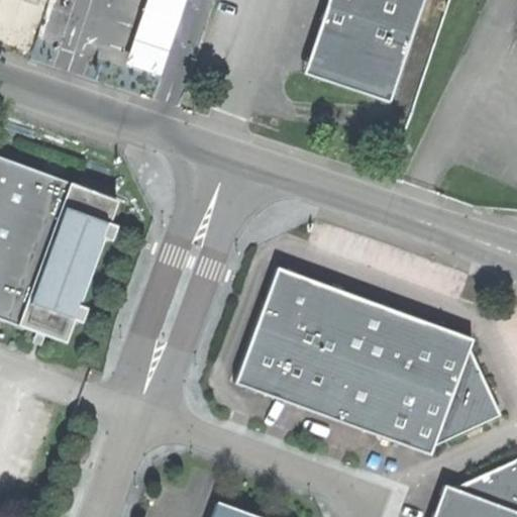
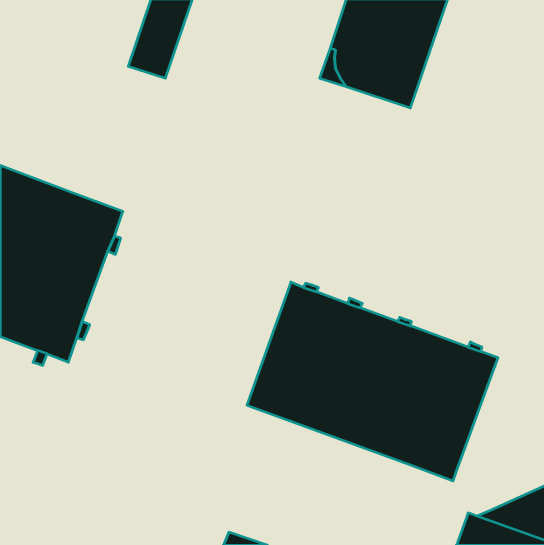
building: [433,346,502,445] -> none

